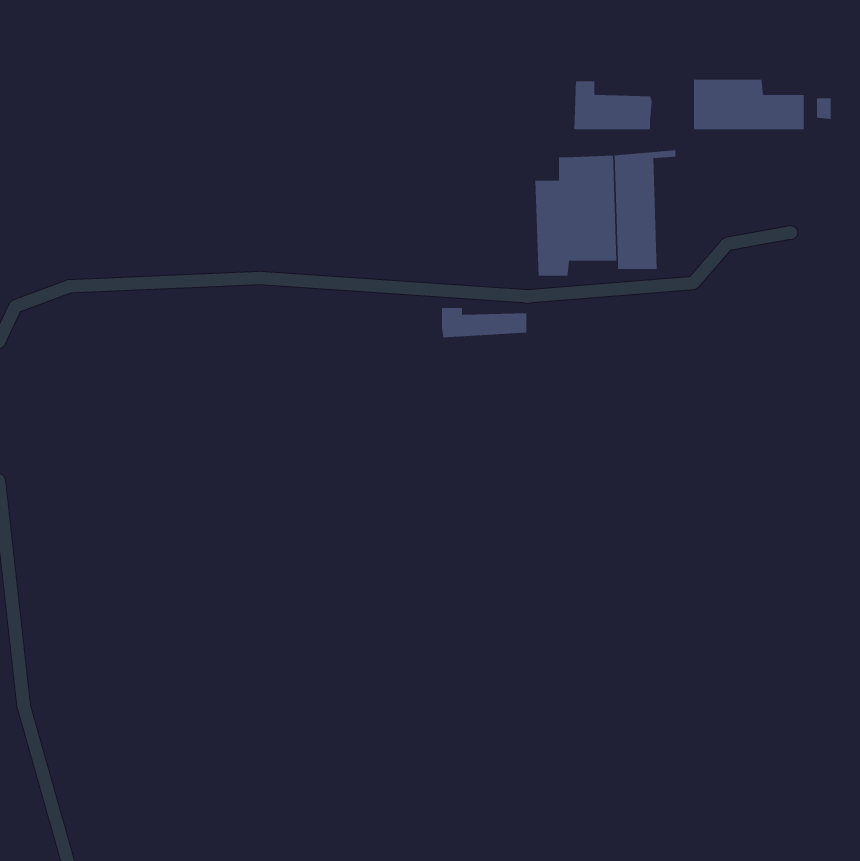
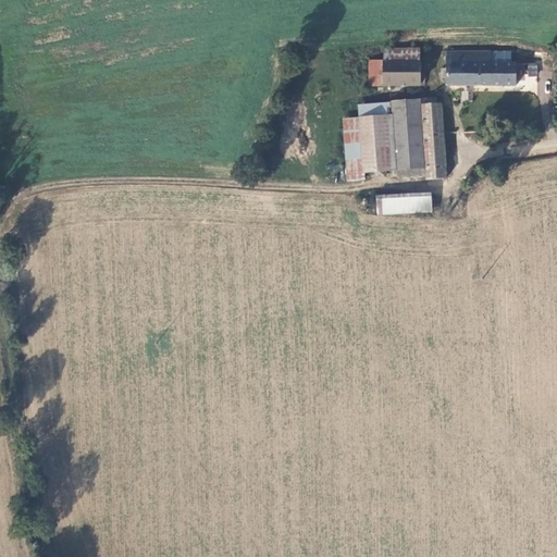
building: none -> [384,47,420,62]
building: none -> [422,101,445,178]
building: [441,308,527,338] -> [375,195,431,214]

